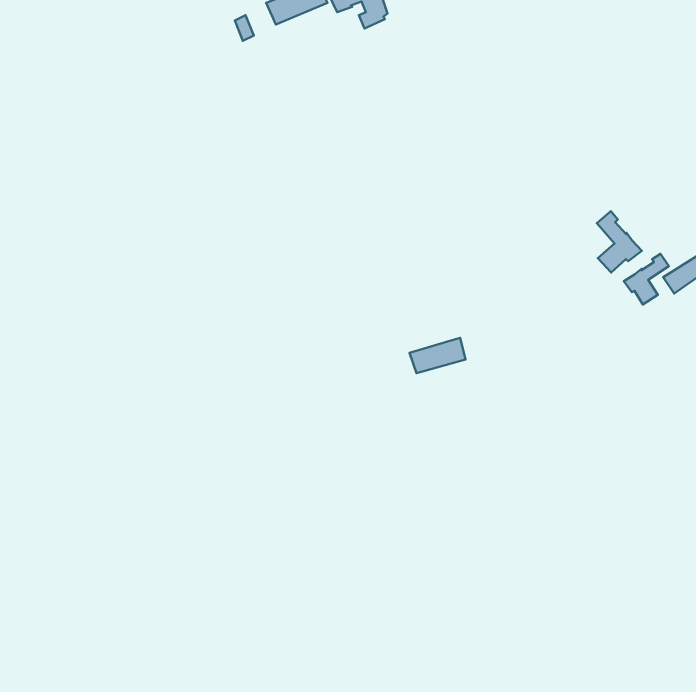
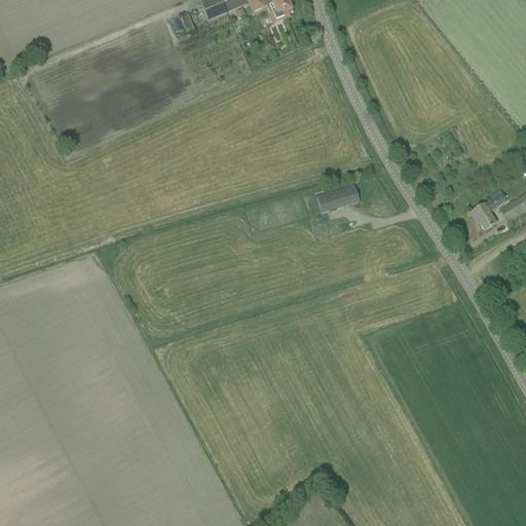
building: [597,211,642,273] -> none
building: [410,338,466,373] -> [316,184,359,211]

